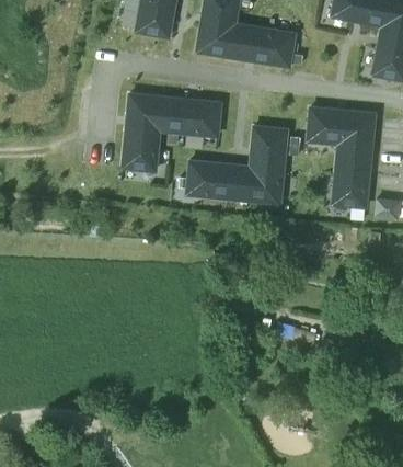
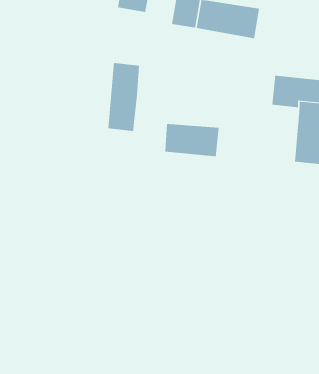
building: [159,98,220,136] -> none
building: [246,128,287,203] -> none

